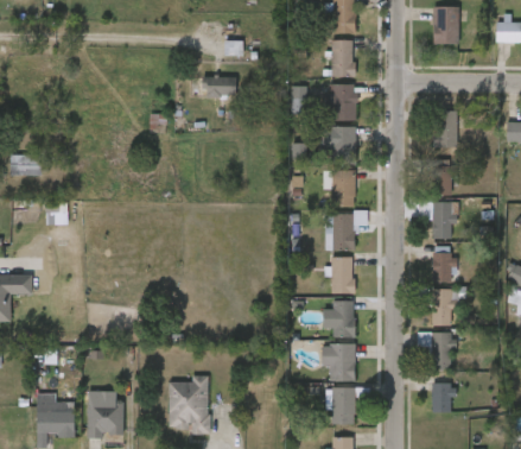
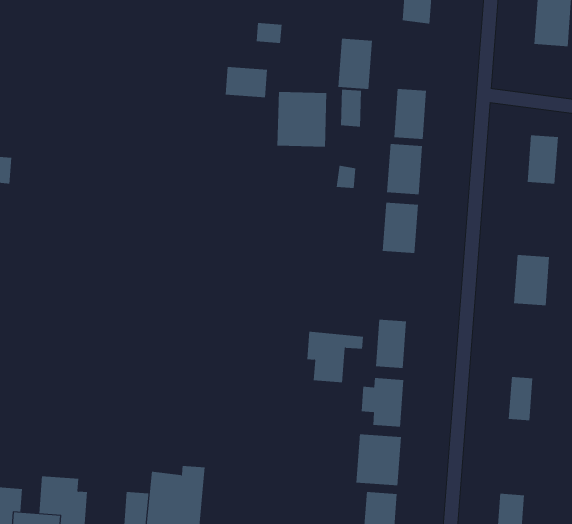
building: [330,39,354,76] -> [338,38,373,90]
building: none -> [277,91,327,148]
building: [432,162,450,195] -> none
building: [325,213,367,249] -> [306,331,364,383]
building: [431,252,452,283] -> none
building: [419,331,450,368] -> none

